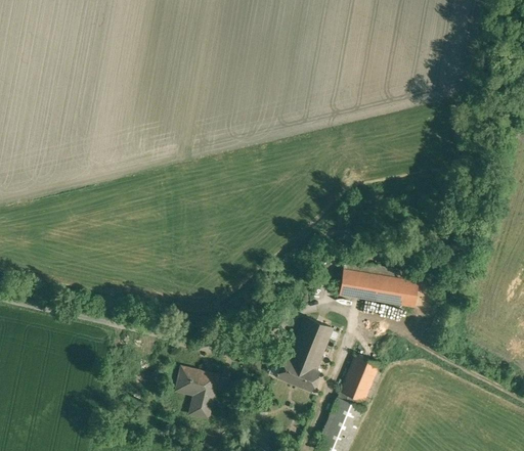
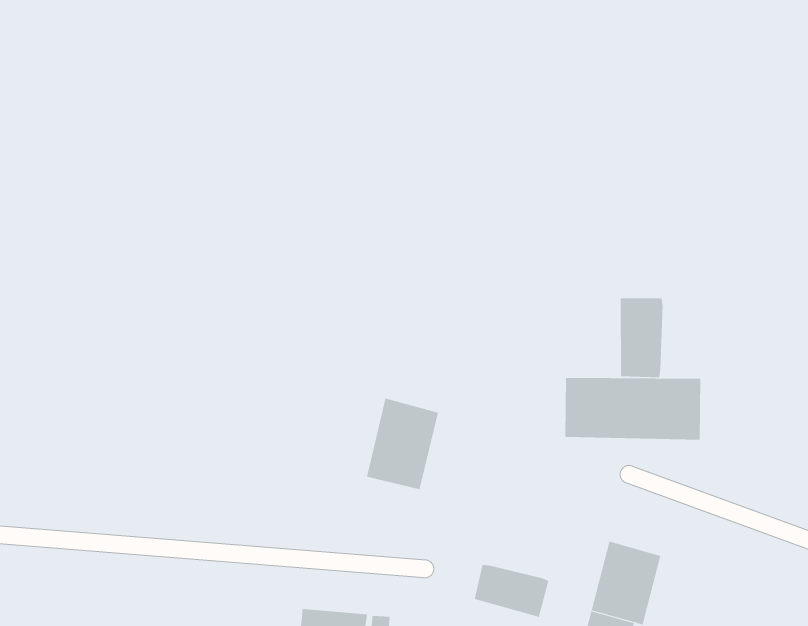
building: none -> [620,297,663,378]
building: [288,318,333,371] -> [366,398,439,490]

